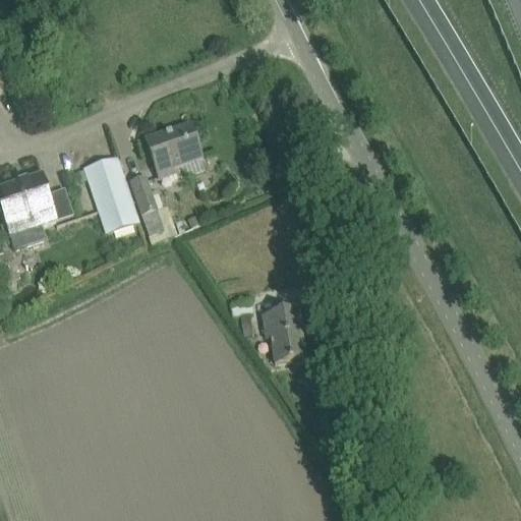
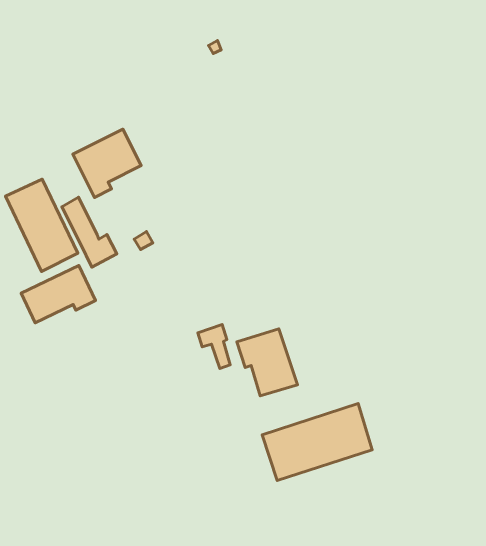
building: none -> [21,265,96,323]
building: none -> [262,403,372,480]

